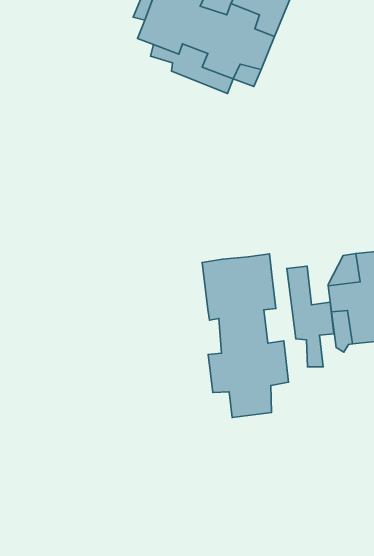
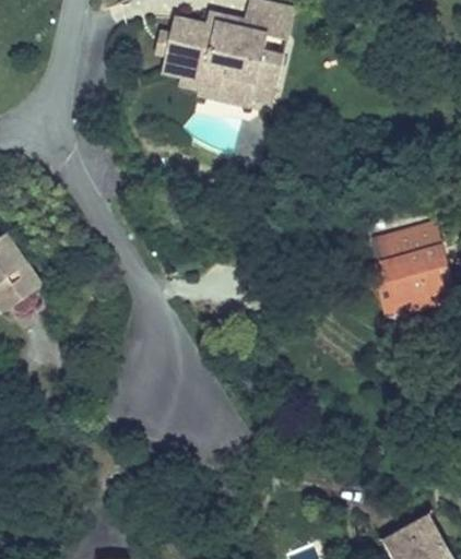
building: [202,254,289,418] -> none
building: [287,266,334,367] -> none

